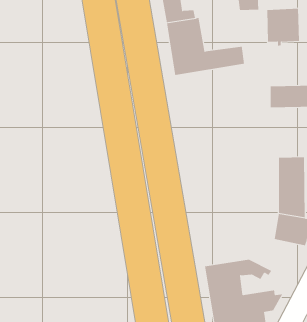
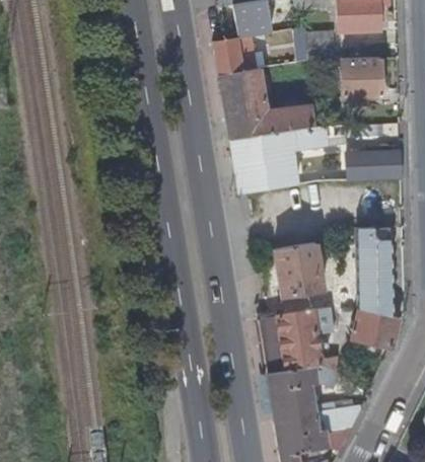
building: none -> [230,124,348,194]
building: none -> [274,241,324,297]
building: none -> [262,308,334,371]

